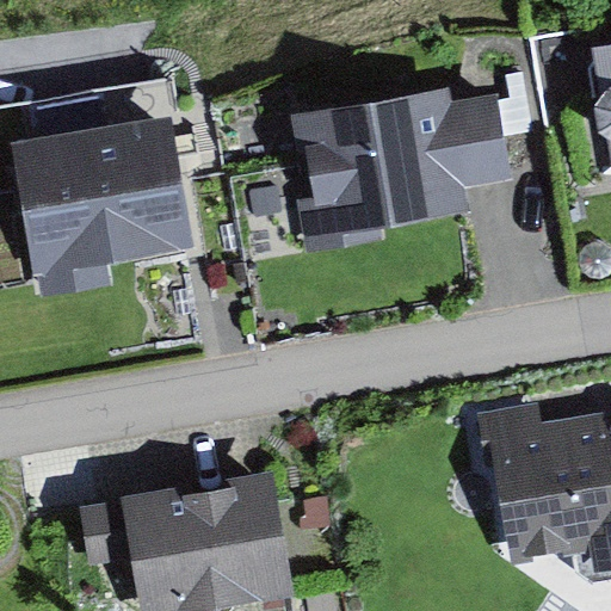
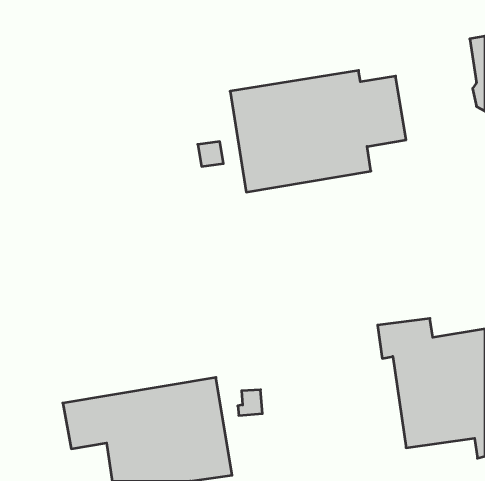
building: [13,118,196,298] -> none

